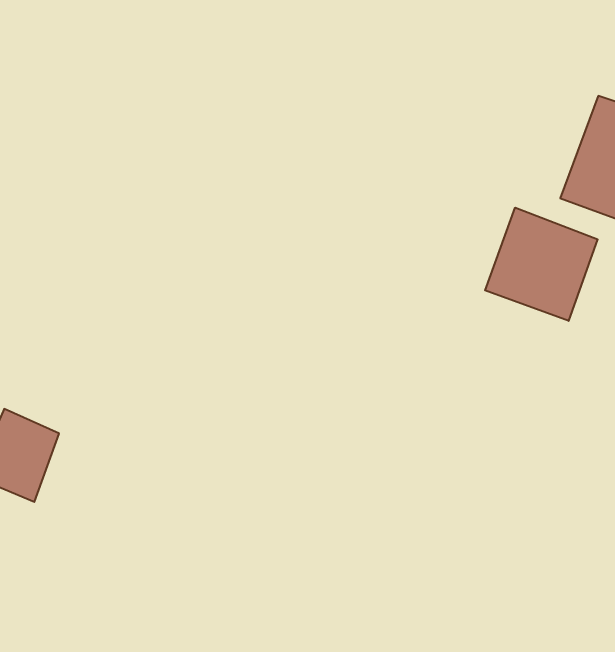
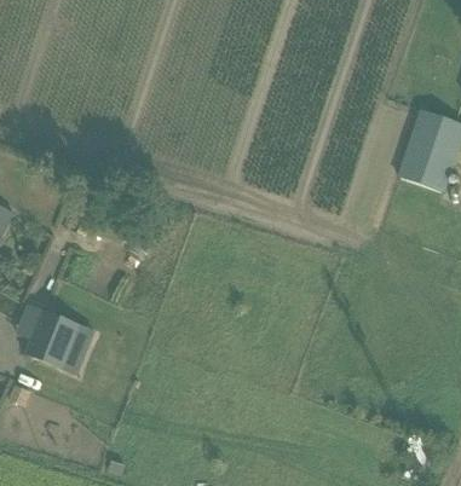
building: [485,208,598,321] -> none

